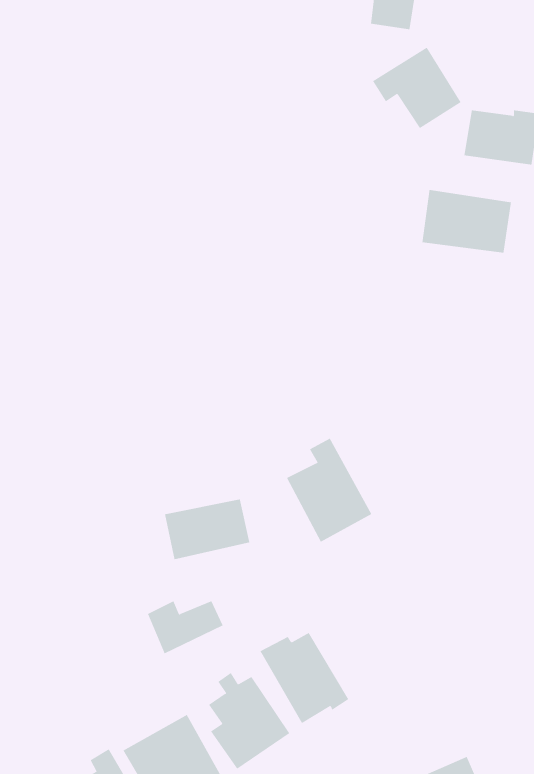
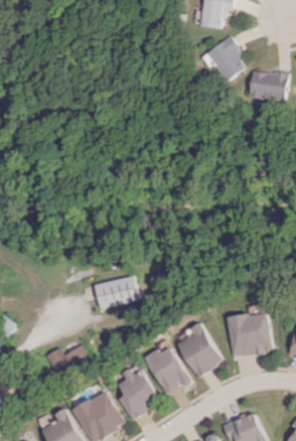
building: [422,189,511,254] -> none
building: [286,438,372,543] -> [176,321,221,377]
building: none -> [227,312,271,355]
building: [147,601,223,654] -> [43,347,84,376]

